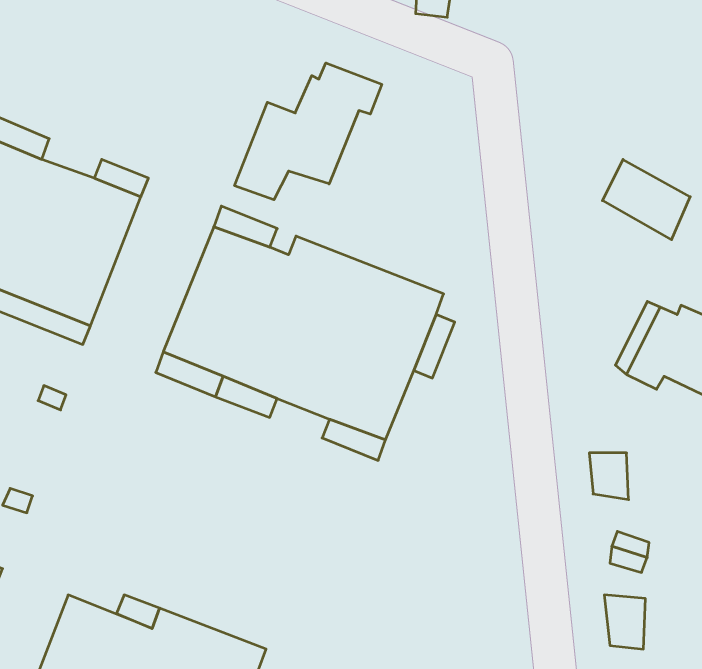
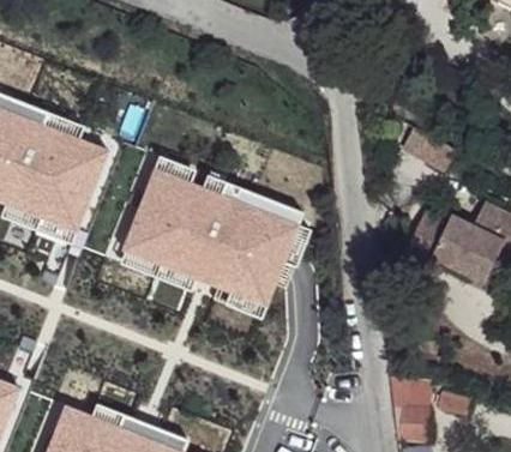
building: [235,63,382,200] -> none

